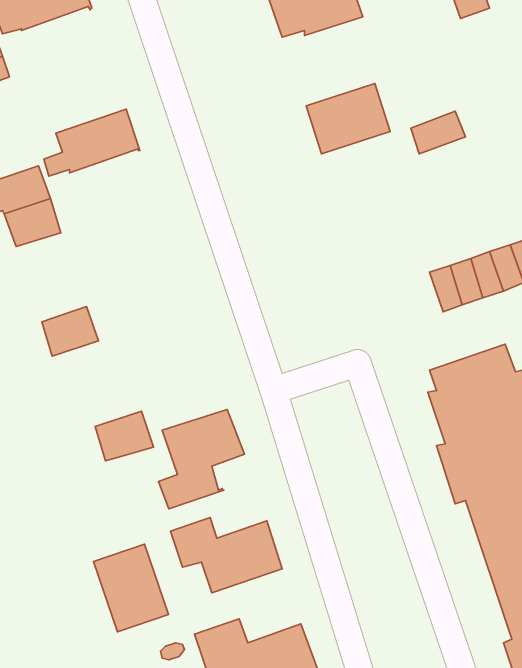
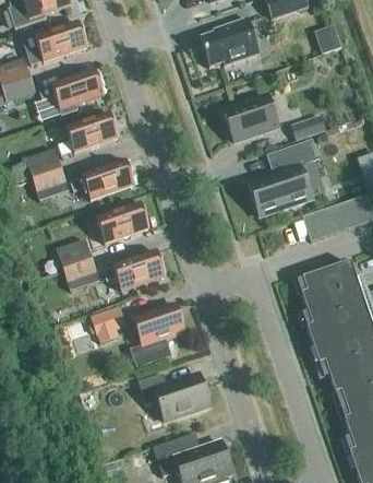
building: none -> [38,68,104,108]
building: none -> [249,139,318,215]
building: none -> [70,157,135,199]
building: none -> [97,202,149,241]
building: none -> [104,248,166,290]
building: none -> [63,259,99,290]
building: [93,544,168,632] -> none

